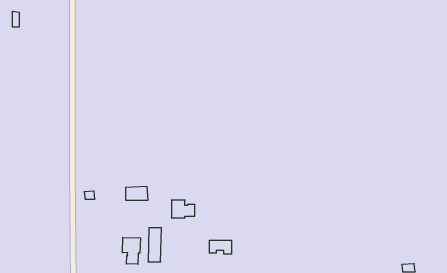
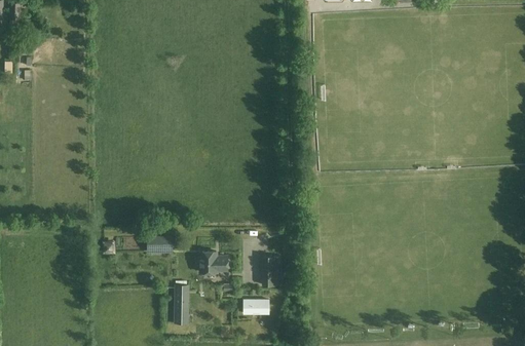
building: none -> [261,256,280,285]
building: [122,237,140,264] -> none

